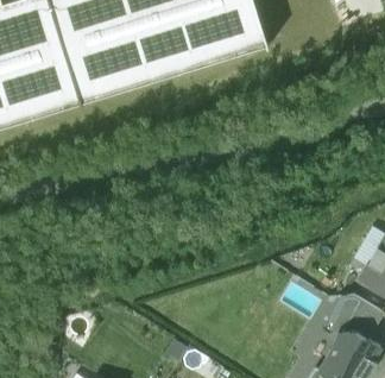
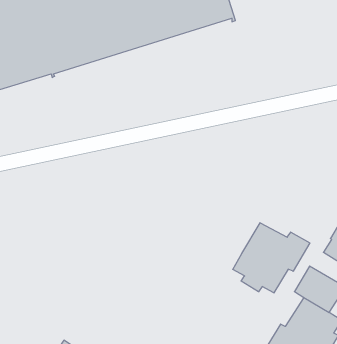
building: none -> [233,223,310,293]

